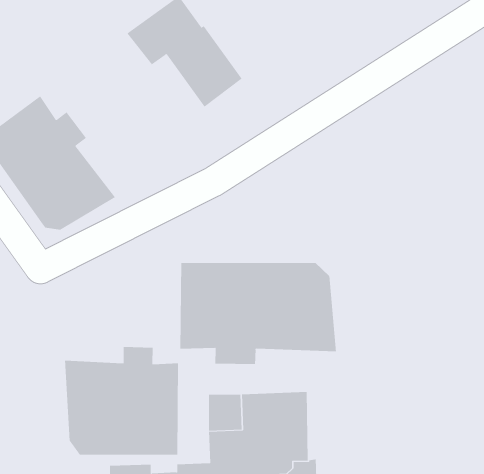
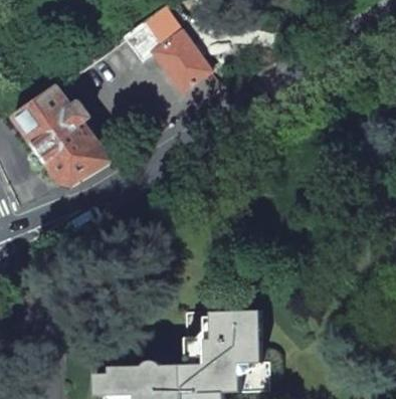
building: [180,262,336,365] -> none
building: [64,346,179,455] -> none

